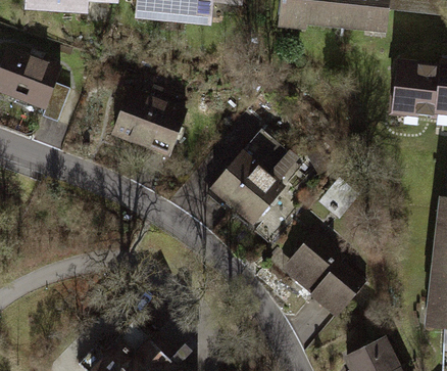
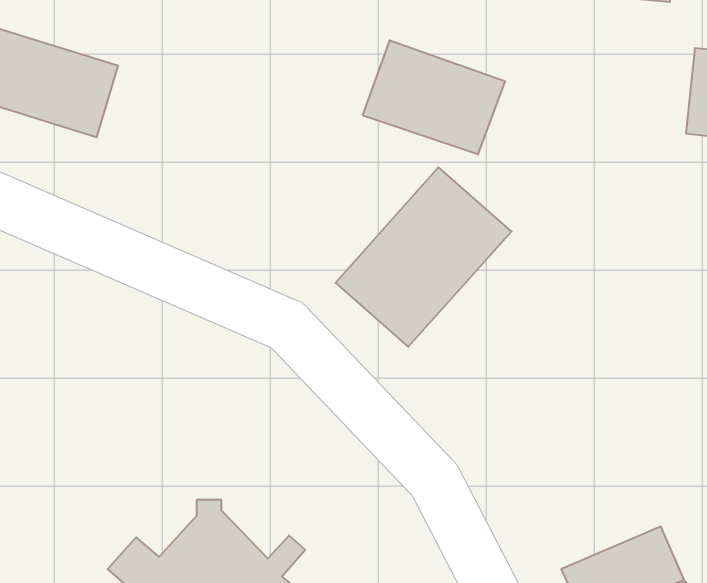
building: [109,90,191,155] -> [363,40,505,154]
building: [282,231,362,313] -> none

